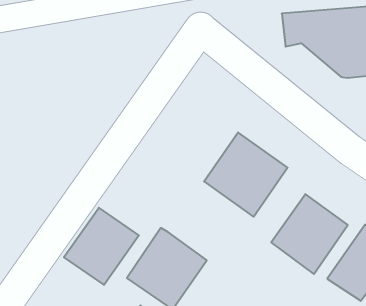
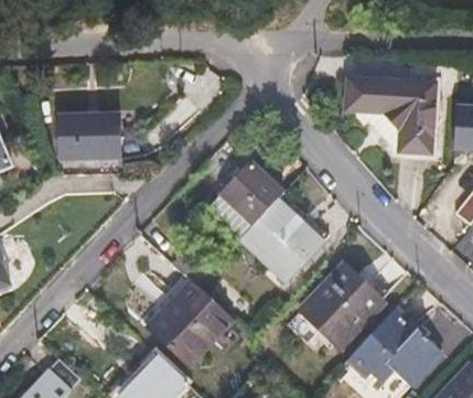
building: none -> [60,100,129,166]
building: none -> [209,163,283,238]
building: [64,208,139,285] -> none

